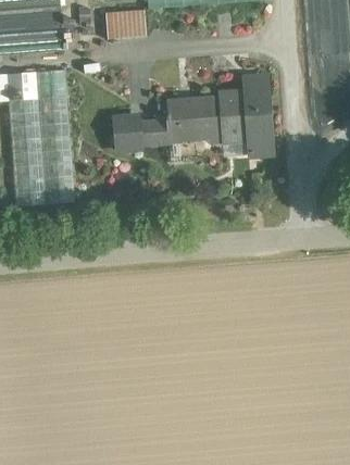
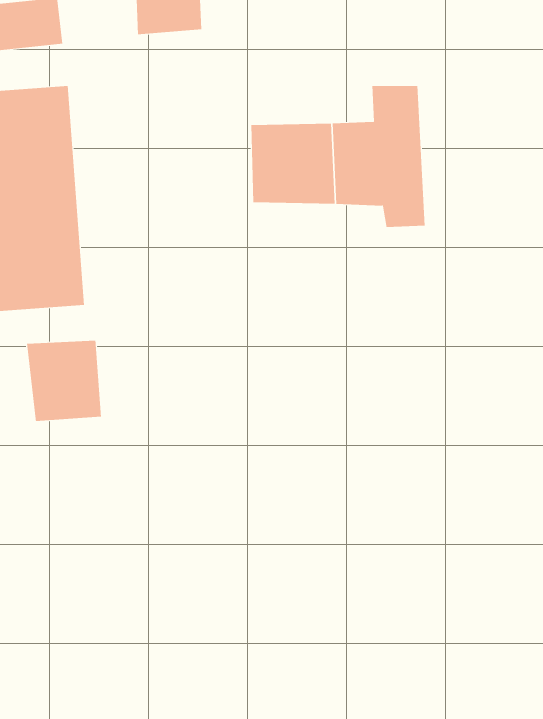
building: [118,111,174,150] -> none
building: none -> [27,340,102,422]

